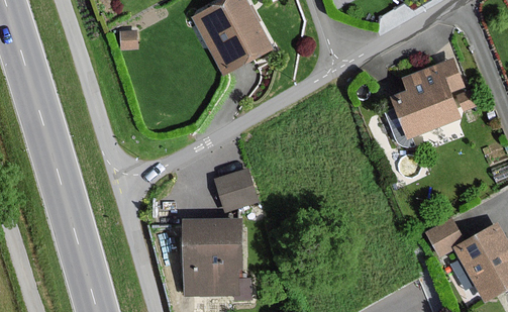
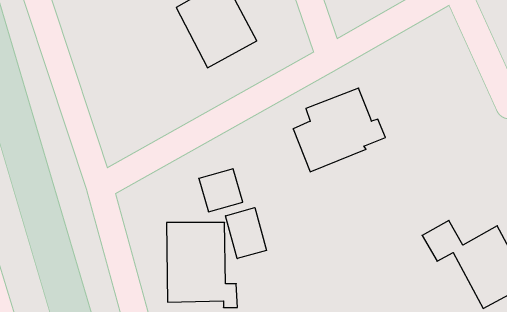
building: [390,60,477,138] -> [293,88,385,172]
building: none -> [226,208,267,259]

